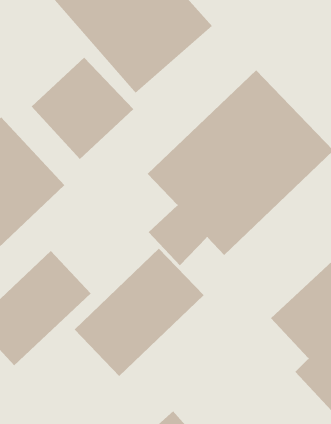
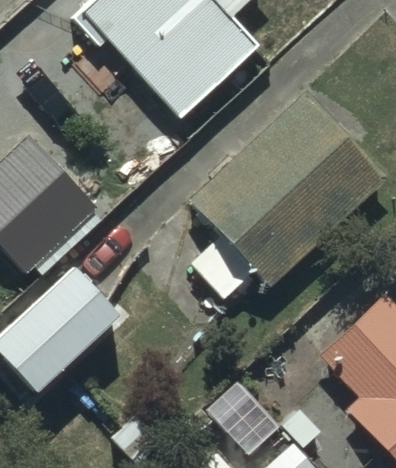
building: [31,57,134,160] -> none
building: [74,248,204,377] -> none

